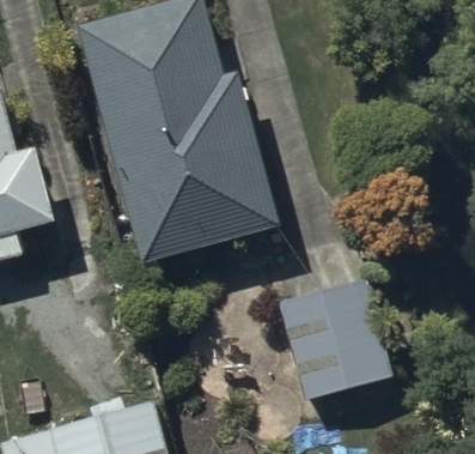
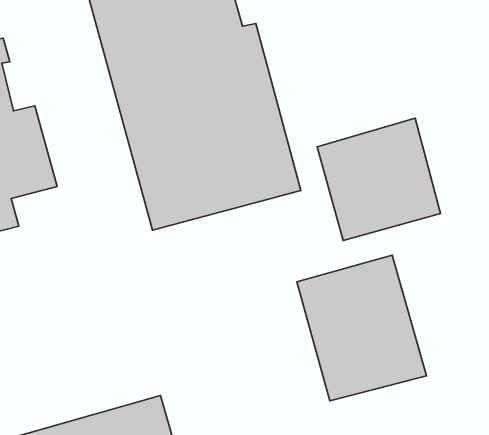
building: none -> [317,118,441,240]

